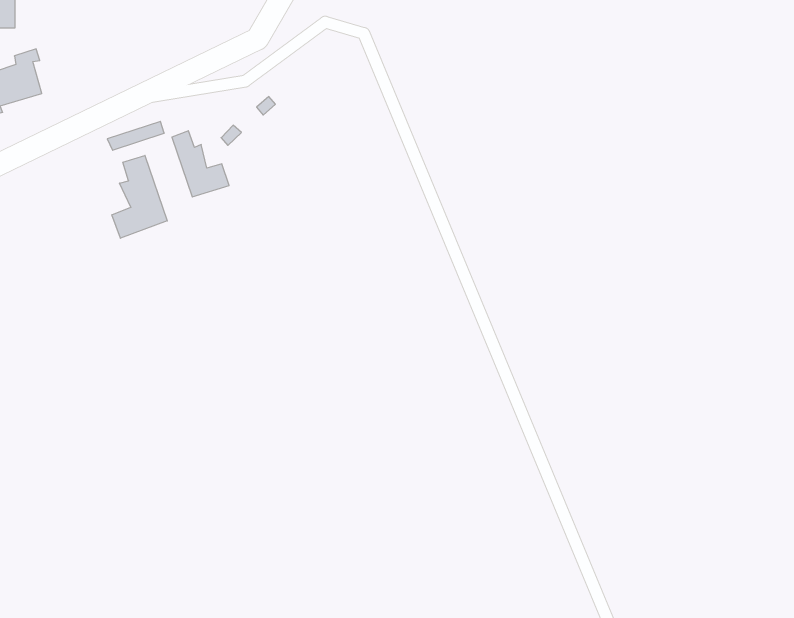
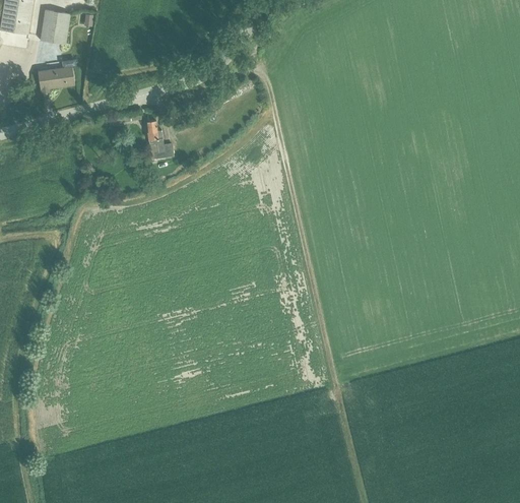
building: [112,155,167,238] -> none

